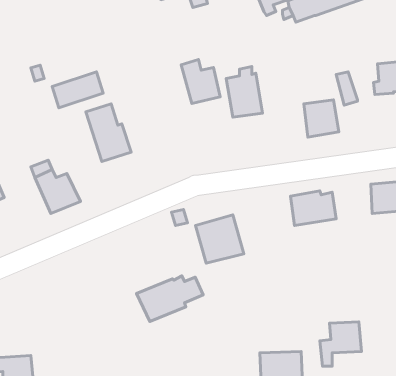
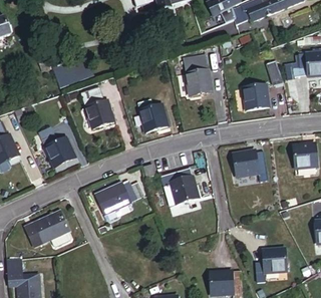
building: [181,59,220,104] -> [137,97,167,130]
building: none -> [24,210,70,246]
building: [136,276,203,321] -> [94,180,144,214]

